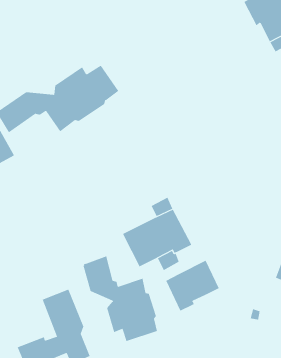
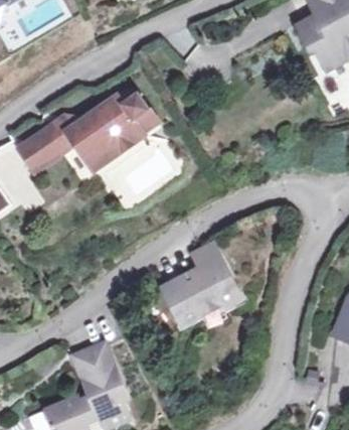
building: [83,256,157,342] -> none
building: [166,260,220,311] -> none

